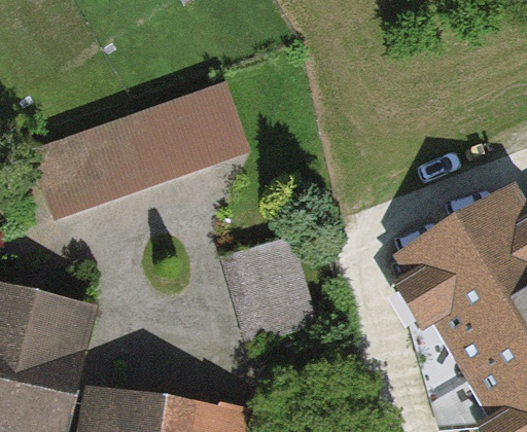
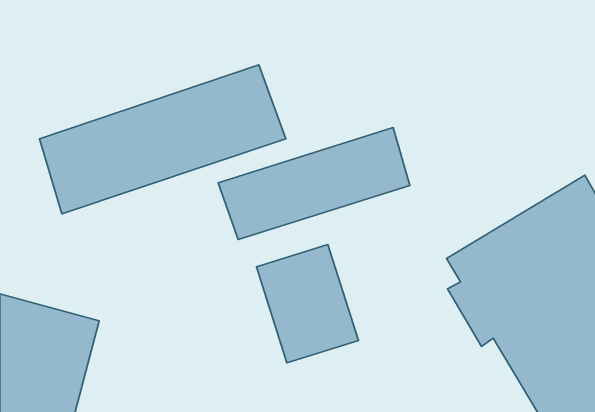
building: none -> [218,127,410,240]

